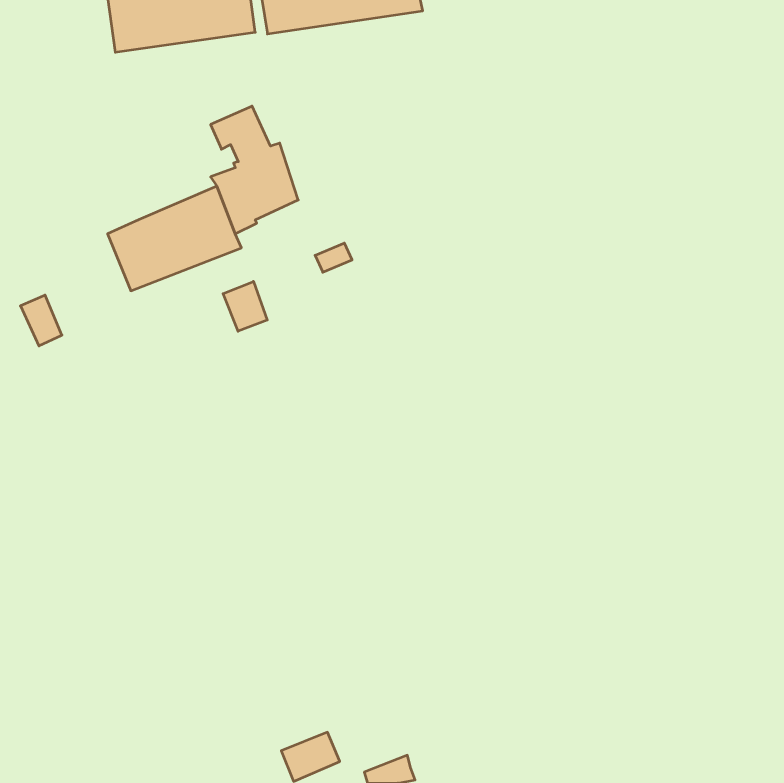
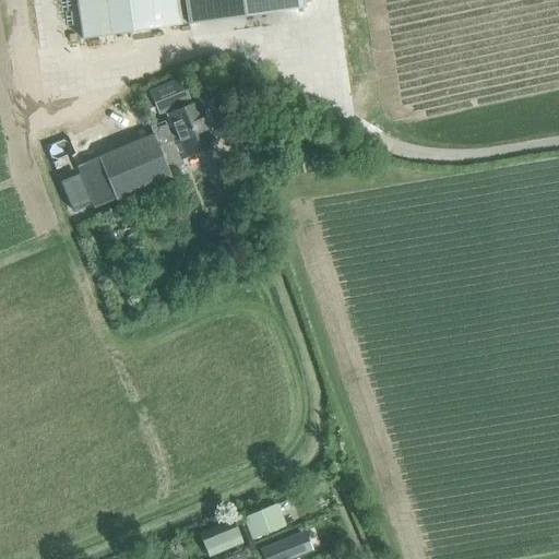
building: [223,281,267,331] -> none
building: [20,295,62,346] -> [60,173,90,209]
building: none -> [246,503,286,536]

